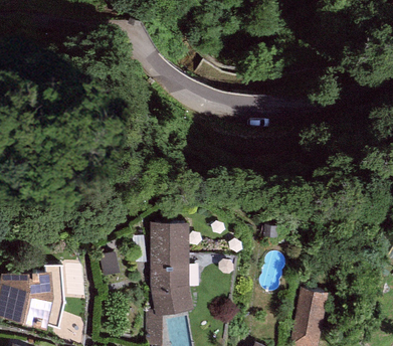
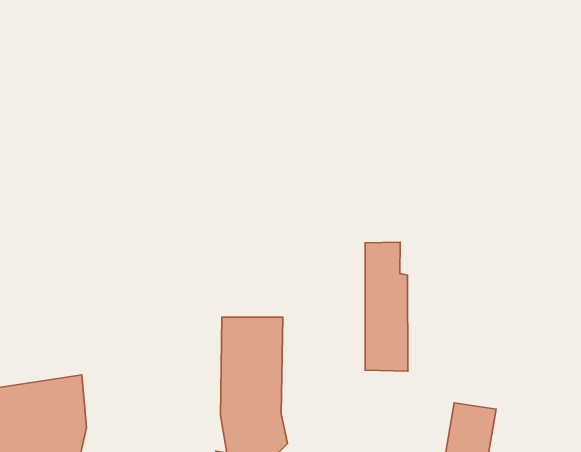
building: none -> [365,242,408,371]

